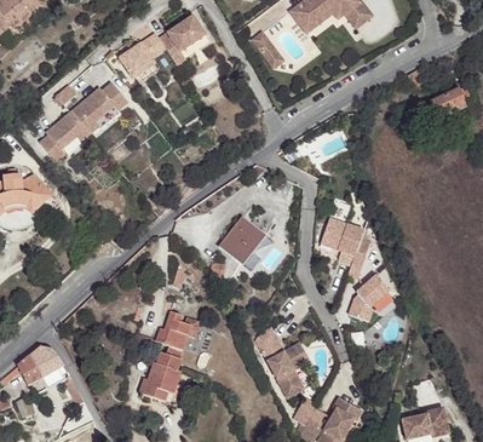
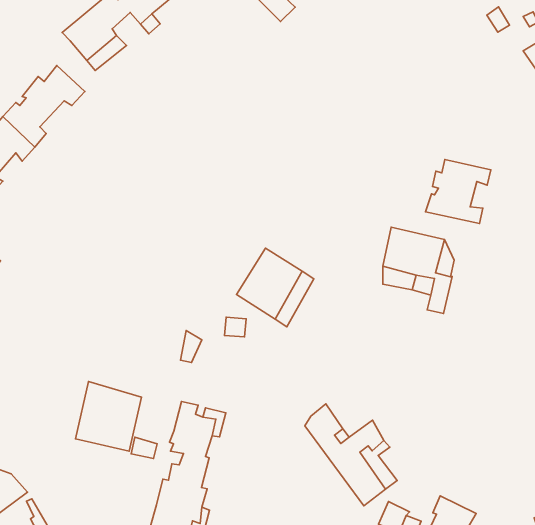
building: none -> [426,159,491,223]
building: [347,269,386,315] -> none
building: none -> [75,382,142,451]

